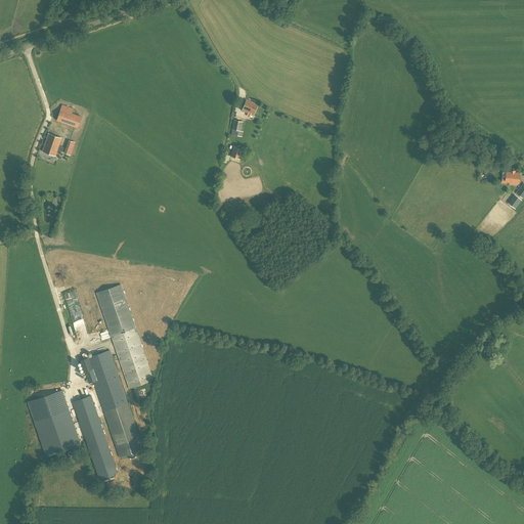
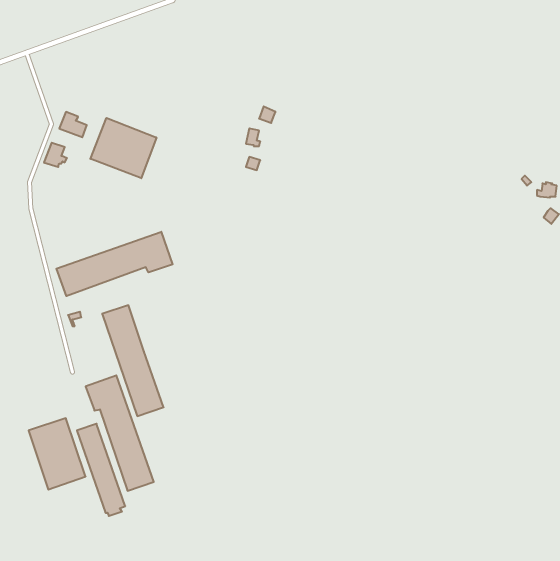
building: none -> [90,118,156,178]
building: none -> [56,232,173,296]

